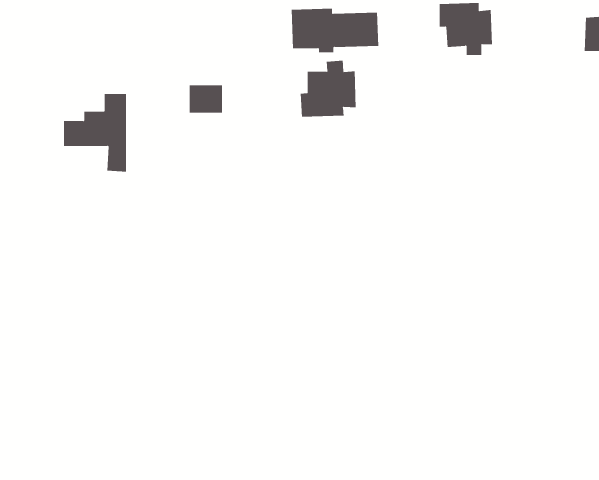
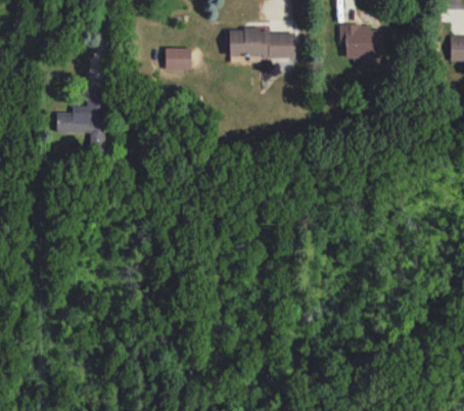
building: [300,60,356,117] -> none
building: [189,85,223,113] -> [166,48,191,70]

